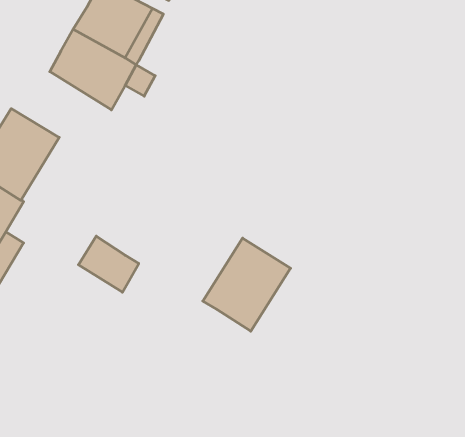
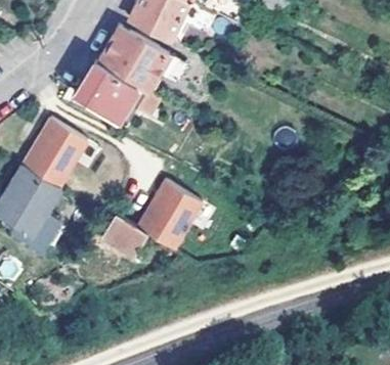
building: [203,238,291,331] -> [135,179,201,248]

